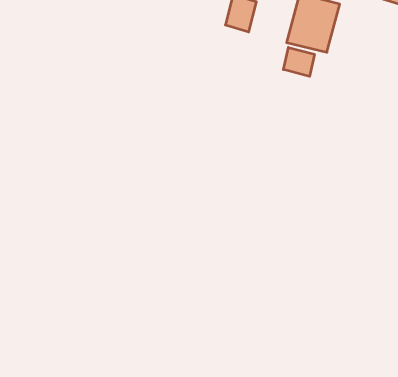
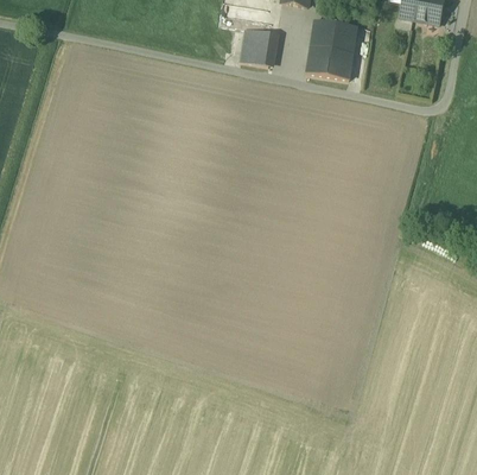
building: [283,47,314,76] -> none

